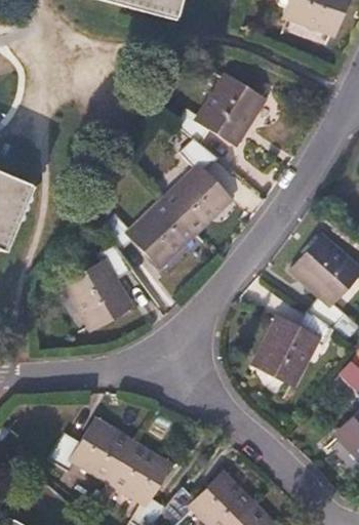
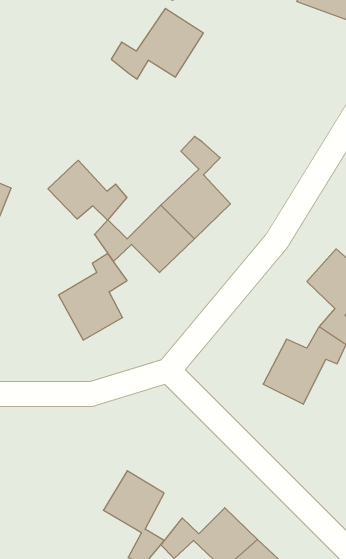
building: [177,79,262,144] -> [111,8,203,79]
building: none -> [48,160,127,220]
building: [49,422,132,479] -> none

